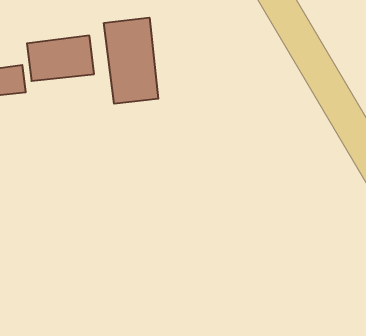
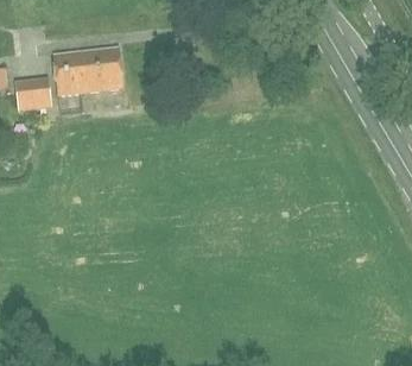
building: [104,18,158,104] -> none

